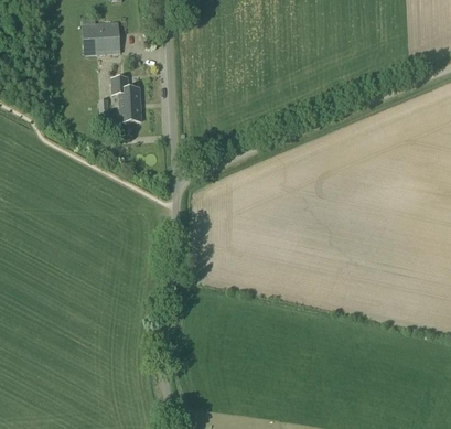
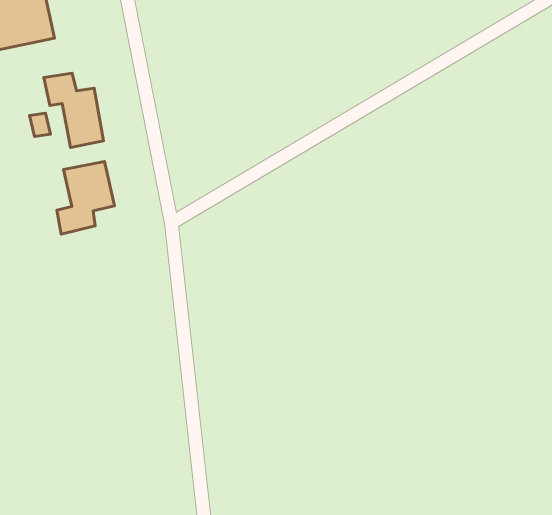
building: none -> [57,162,114,234]

